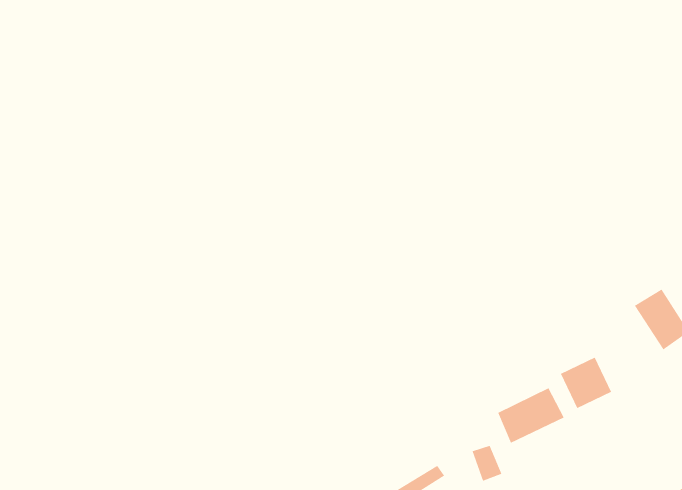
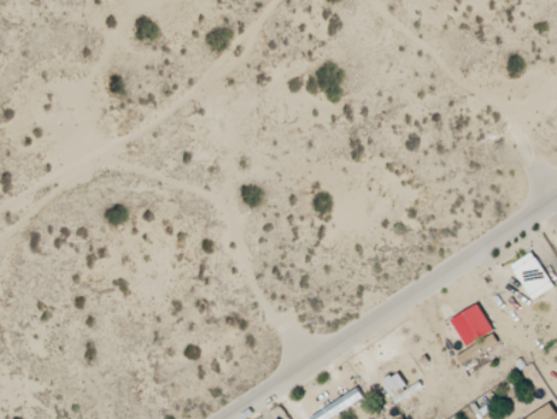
building: [497,387,565,444] -> none

